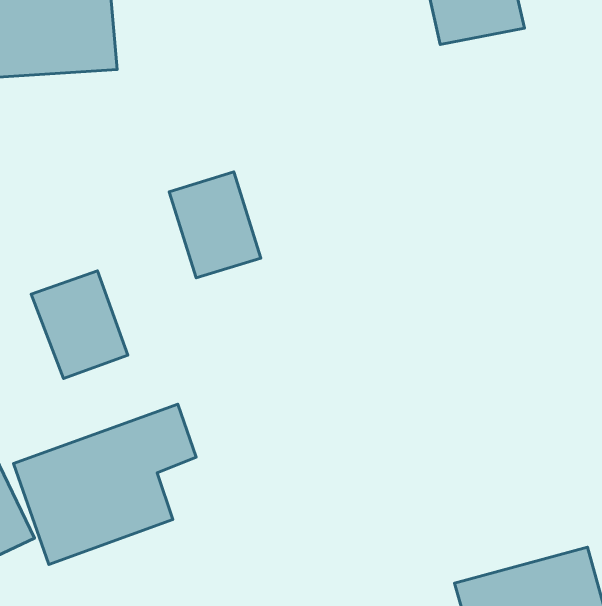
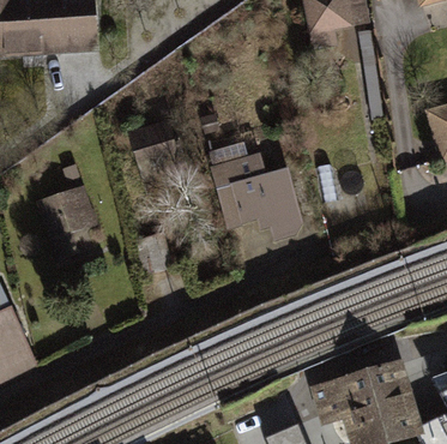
building: none -> [211,155,304,244]
building: [13,404,196,565] -> none

